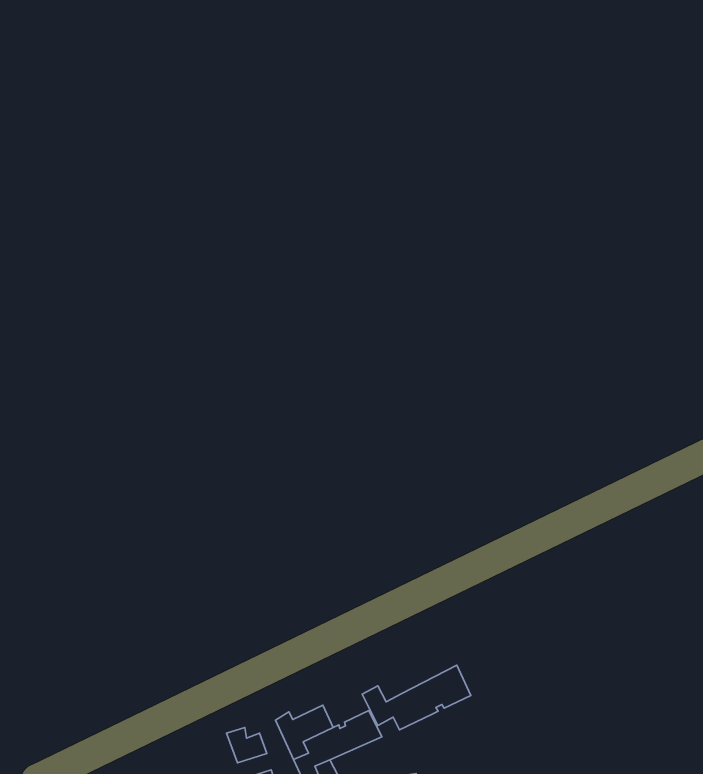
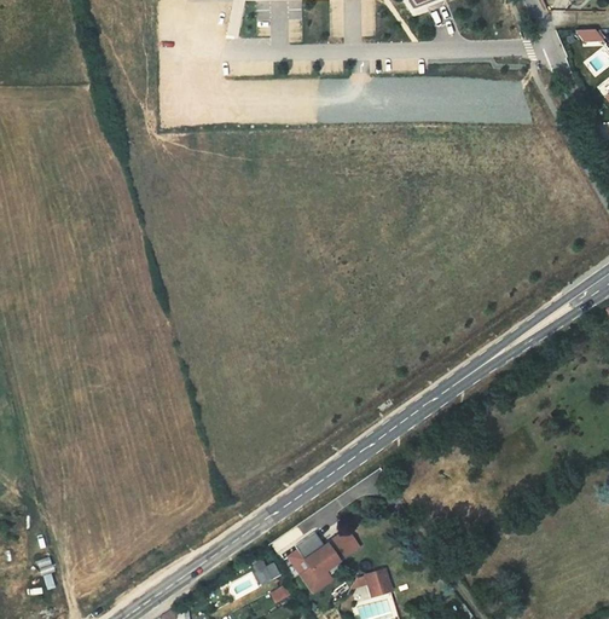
building: [362,665,471,730] -> none

